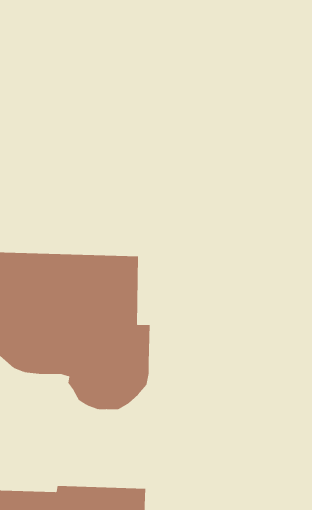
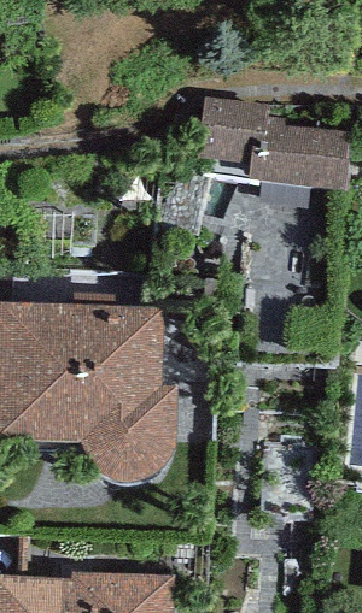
building: none -> [198,96,350,190]

